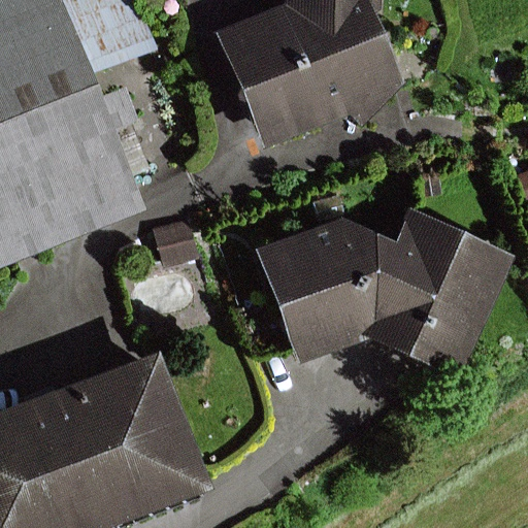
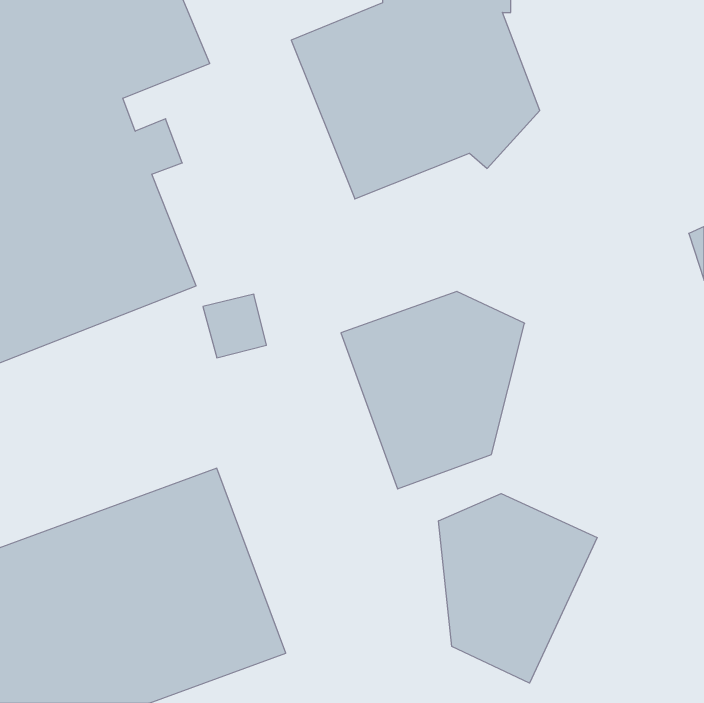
building: [367,206,515,381] -> none
building: none -> [439,494,597,683]

